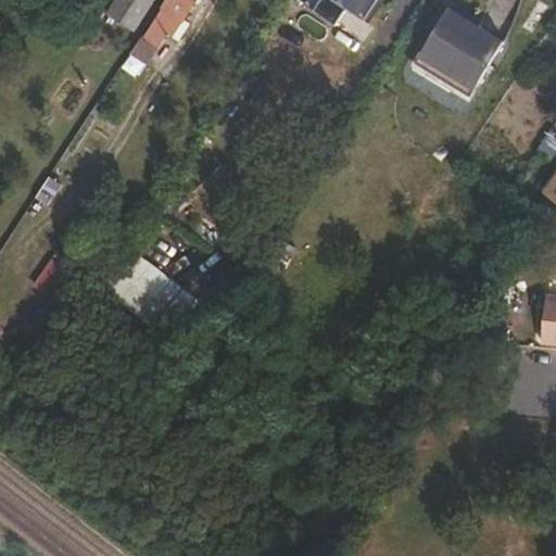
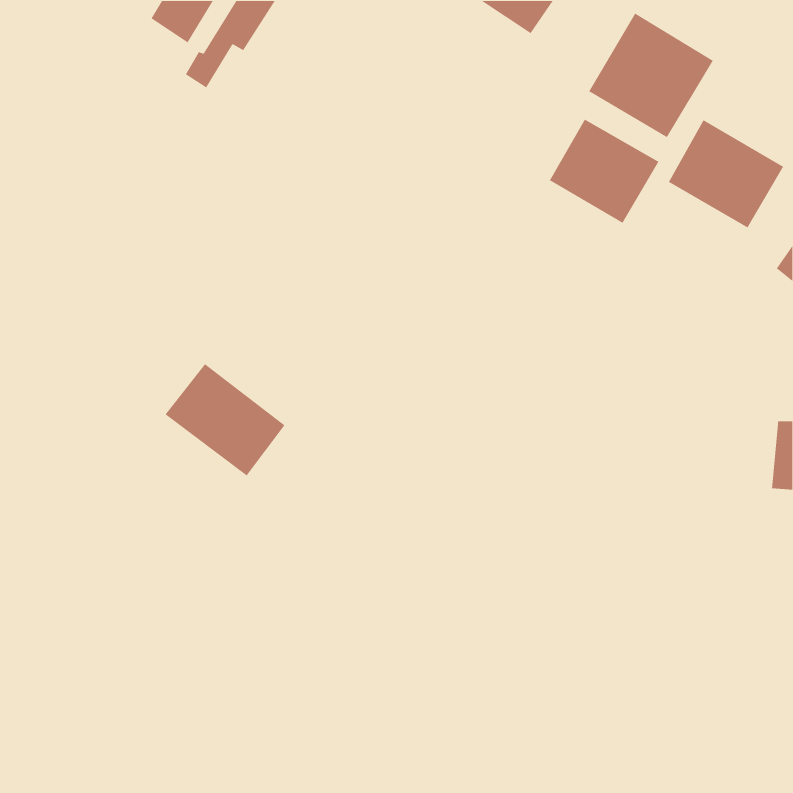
building: none -> [549,118,660,224]
building: none -> [668,119,784,228]

